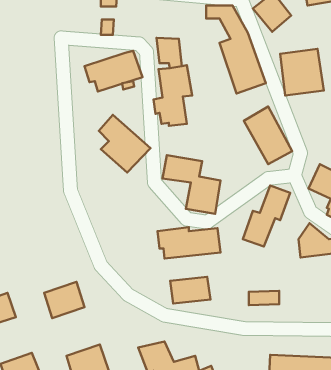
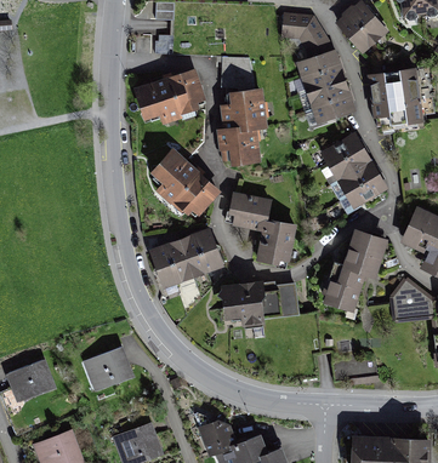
building: none -> [153,230,223,288]
building: [170,277,210,304] -> none

